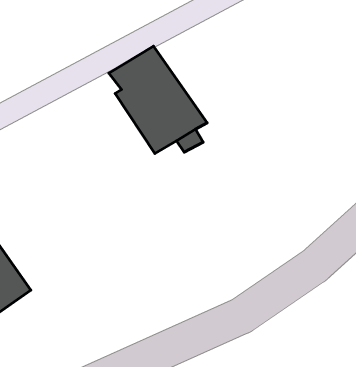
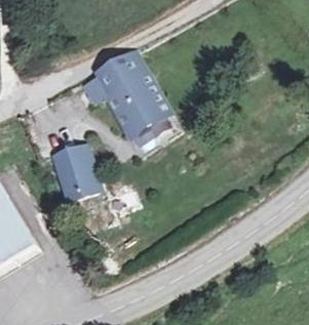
building: none -> [50,140,100,193]

